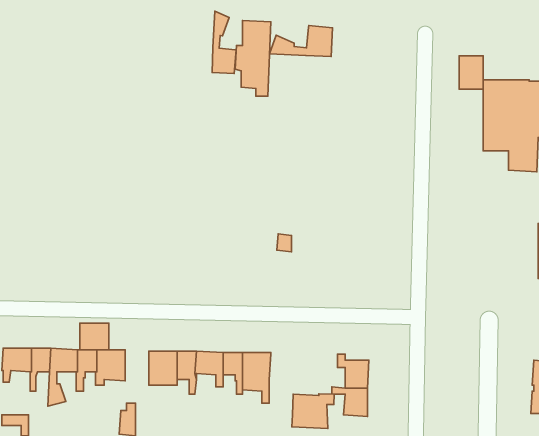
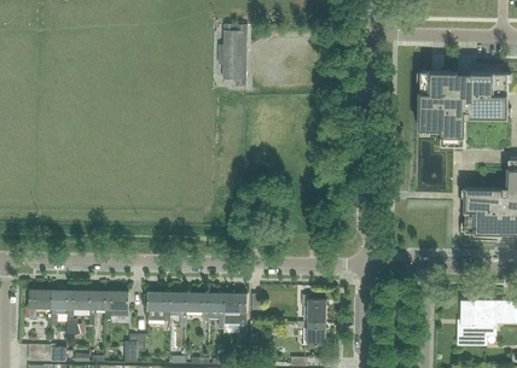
building: [212,11,236,74] -> none
building: [269,25,332,56] -> none
building: [459,56,483,89] -> none
building: [80,323,109,350] -> none
building: [292,394,334,428] -> none

